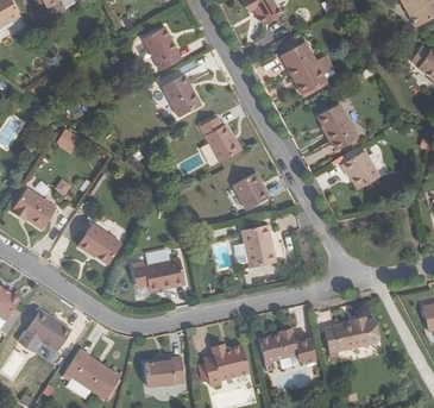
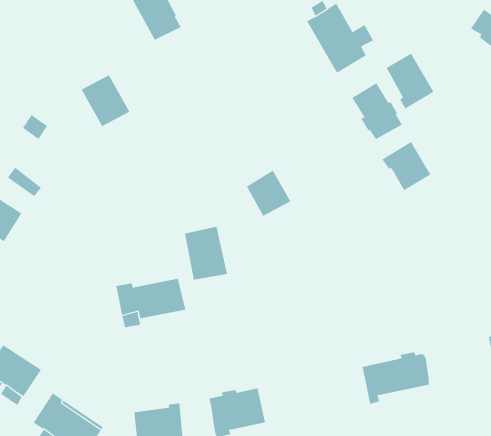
building: [162,75,201,117] -> [81,74,130,127]
building: none -> [386,53,434,109]
building: [200,117,239,163] -> none
building: [77,225,120,265] -> none
building: [241,225,276,268] -> [184,226,228,280]
building: [259,328,316,364] -> none

